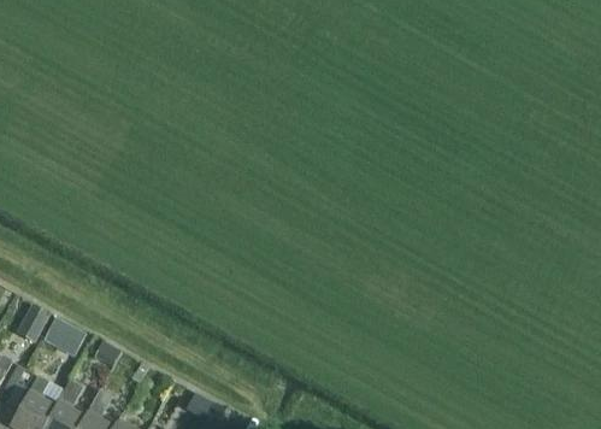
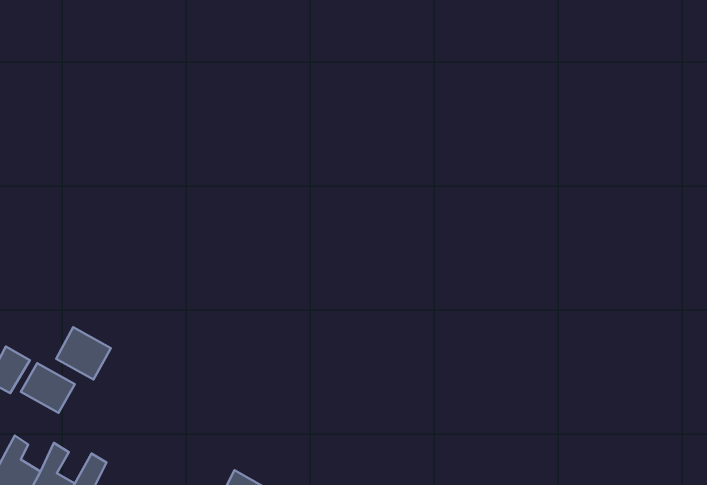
building: none -> [56,327,111,380]

